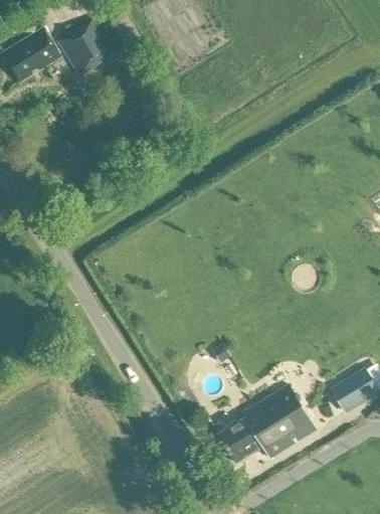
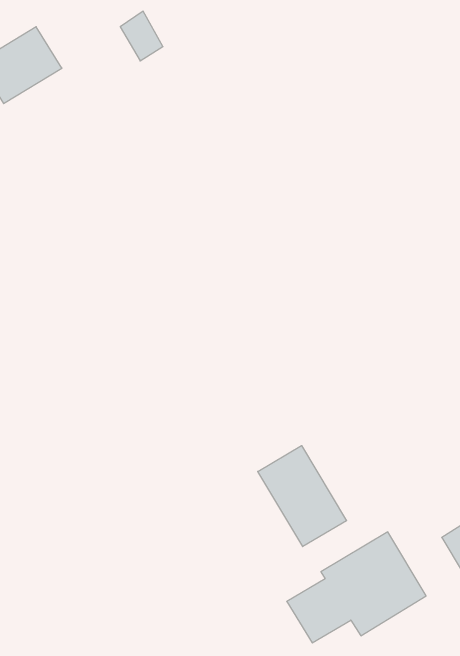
building: [56,18,115,76] -> none
building: none -> [258,446,347,547]

